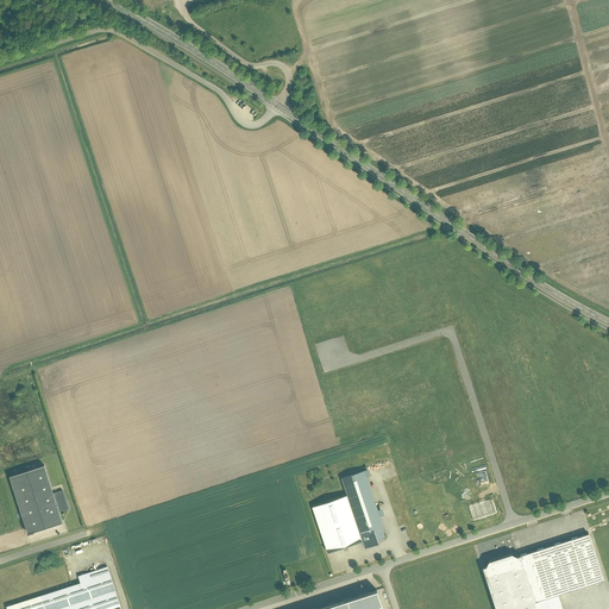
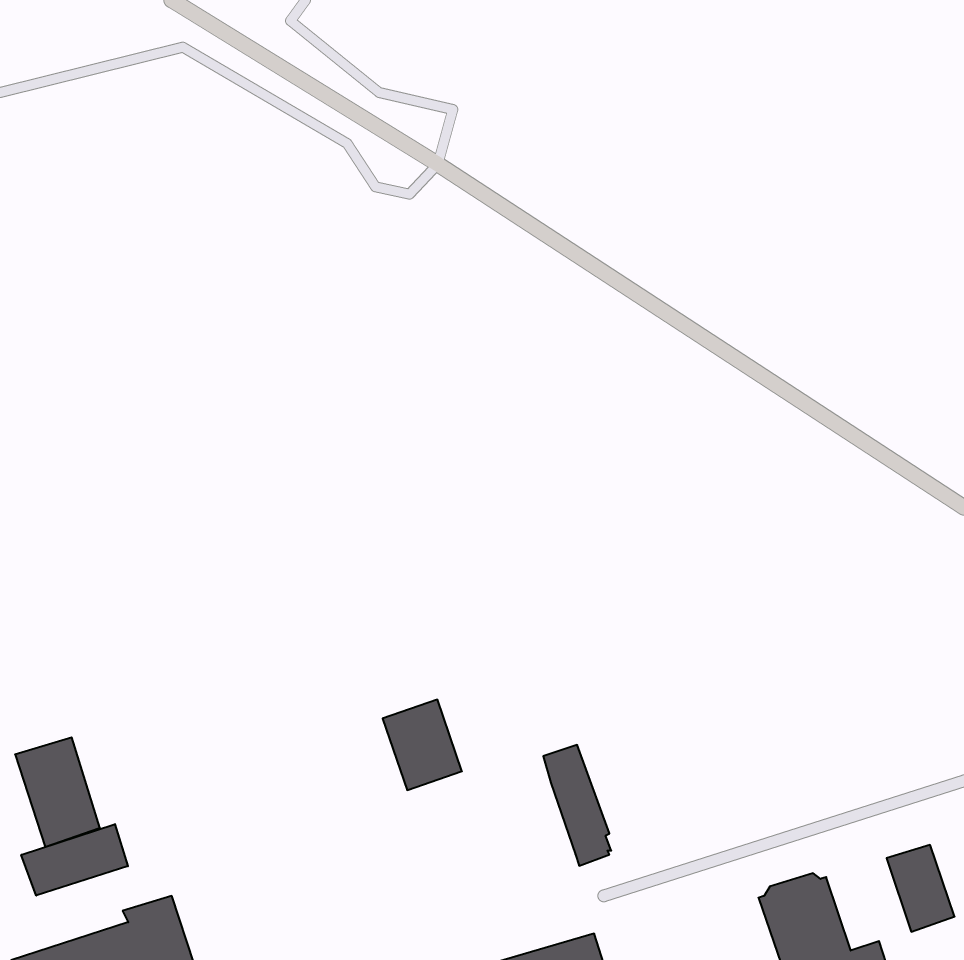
building: [313,496,363,553] -> [383,700,462,790]
building: none -> [21,824,128,896]
building: [521,544,575,602] -> none

